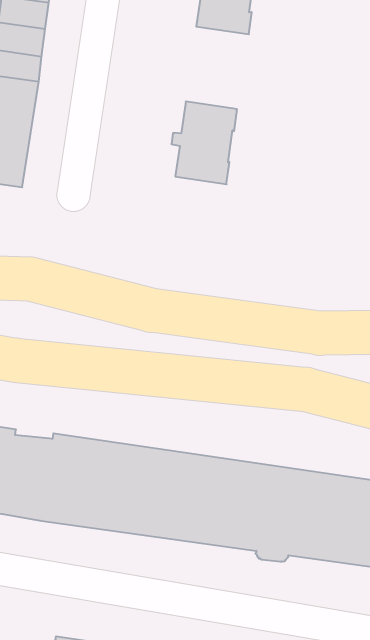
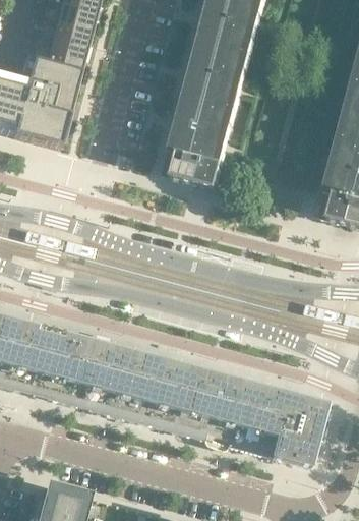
building: none -> [193,37,246,102]
building: none -> [164,143,226,182]

